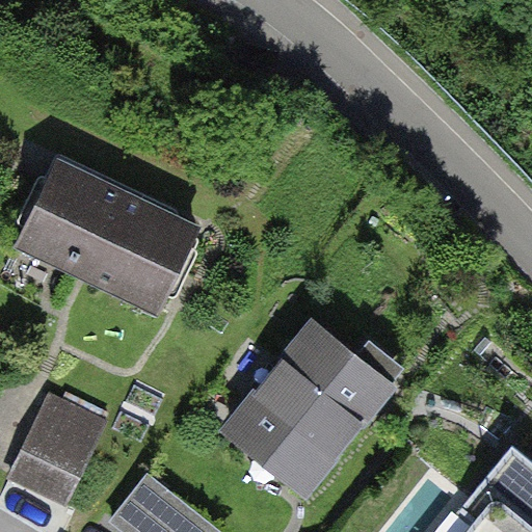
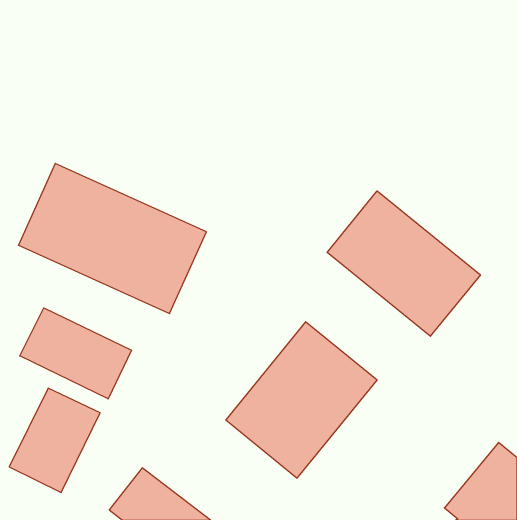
building: none -> [327,191,480,336]
building: none -> [20,308,132,399]

